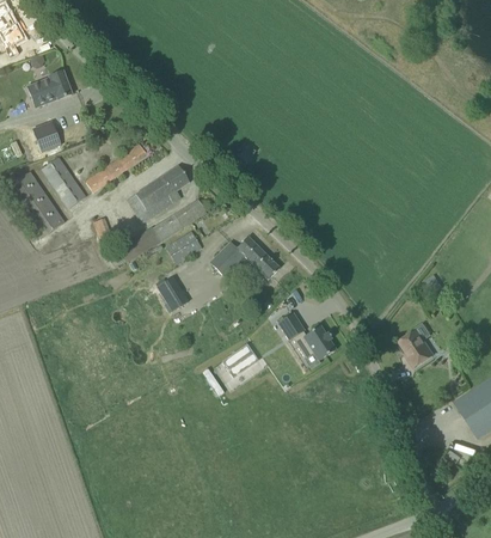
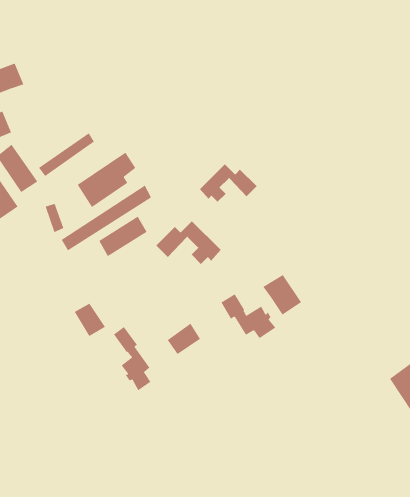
building: none -> [199,164,257,203]
building: [156,276,190,312] -> [74,303,106,337]
building: none -> [263,274,302,315]
building: [399,330,432,367] -> none
building: none -> [113,326,151,391]

